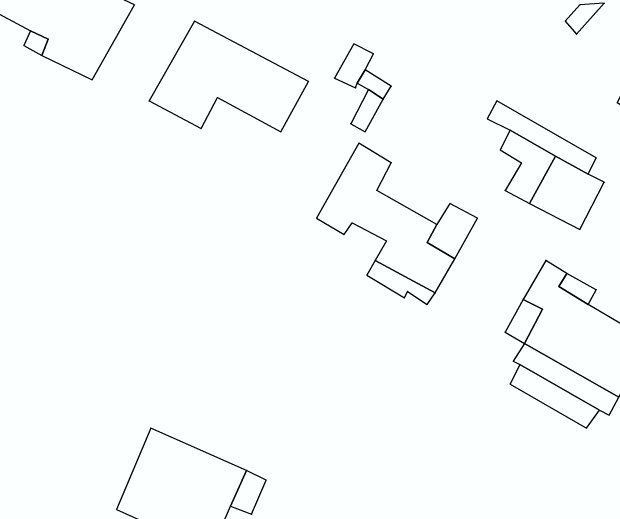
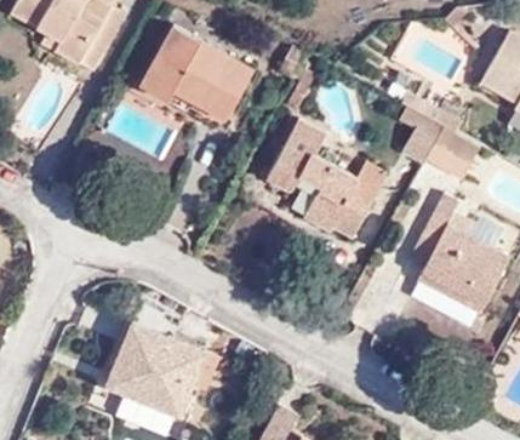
building: none -> [175,81,234,130]

